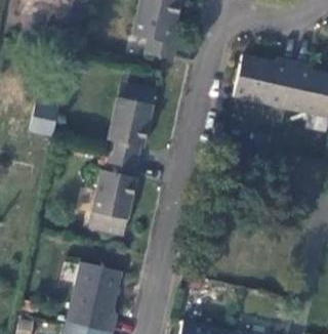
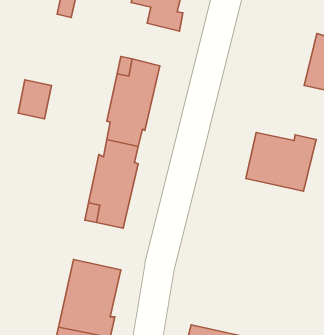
building: [233,56,295,109] -> [246,132,316,191]

